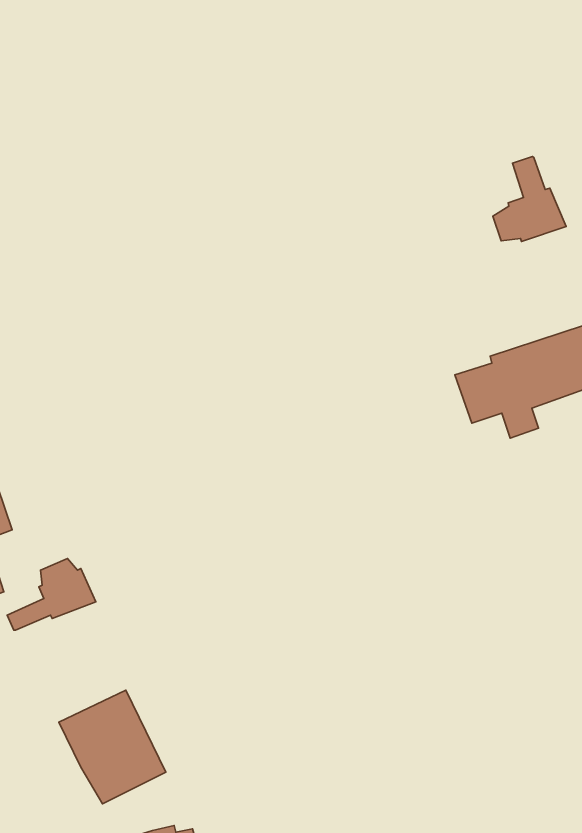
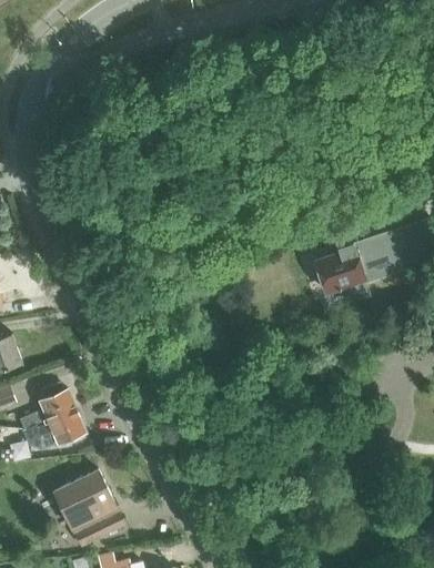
building: [493,156,566,242] -> none
building: none -> [21,409,85,449]

